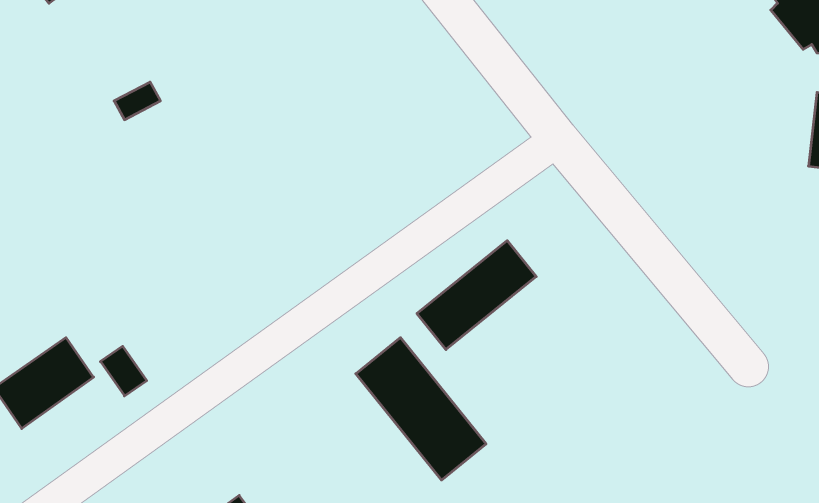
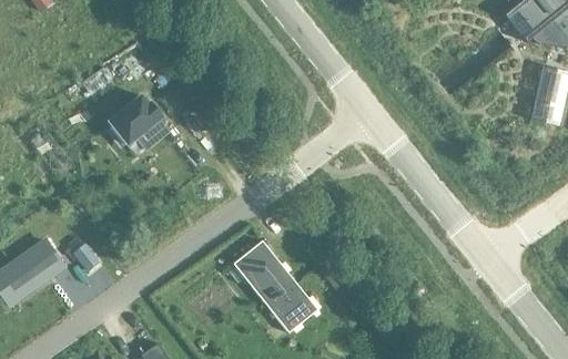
building: none -> [112,92,170,145]
building: [417,241,536,350] -> none

